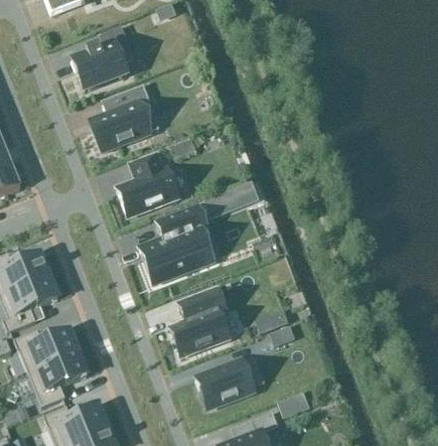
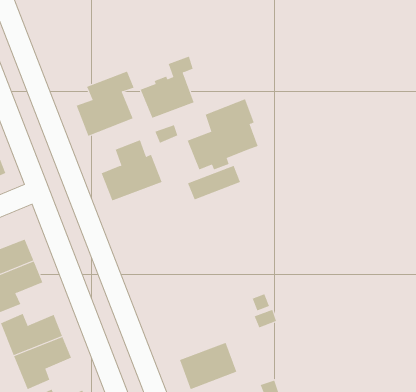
building: [74,25,129,89] -> [140,56,195,118]
building: [141,204,213,277] -> [187,99,258,170]
building: [171,286,230,355] -> none

